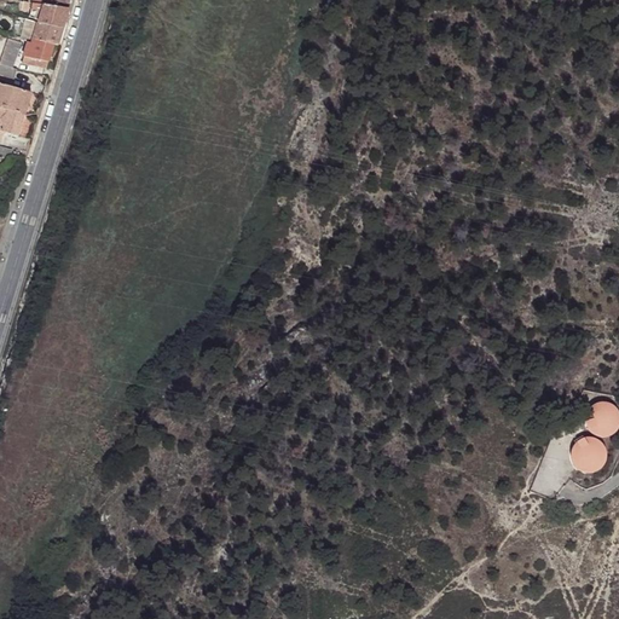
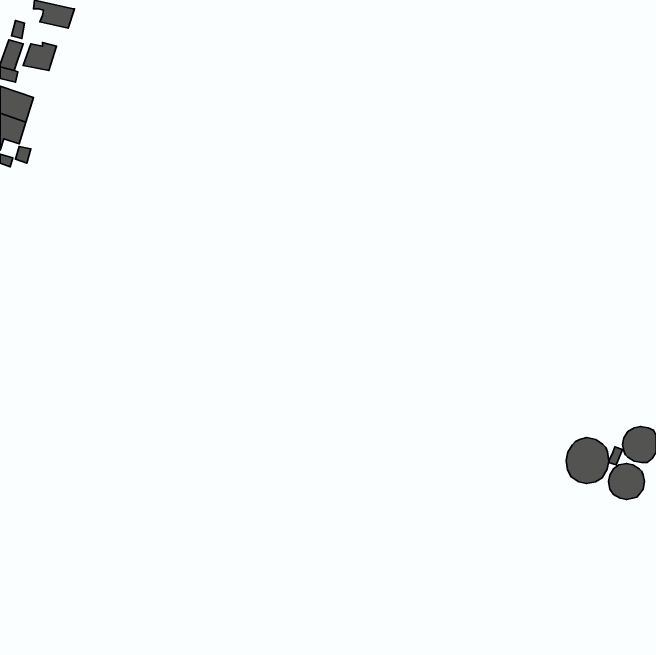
building: [24,19,64,45] -> none
building: none -> [566,437,609,483]

